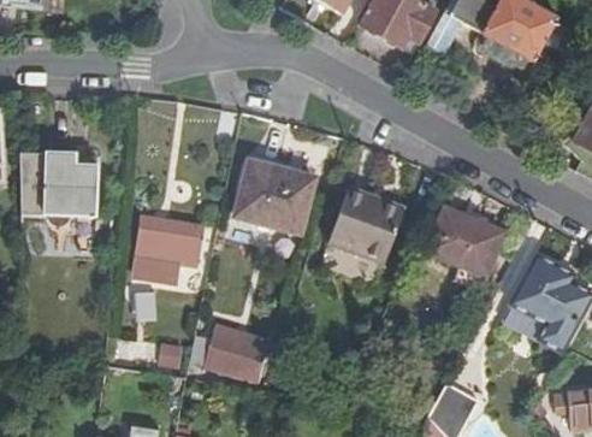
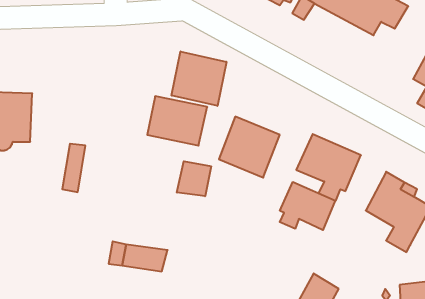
building: none -> [172,51,226,106]
building: [153,222,205,283] -> none
building: none -> [177,161,211,196]
building: none -> [280,182,335,230]

